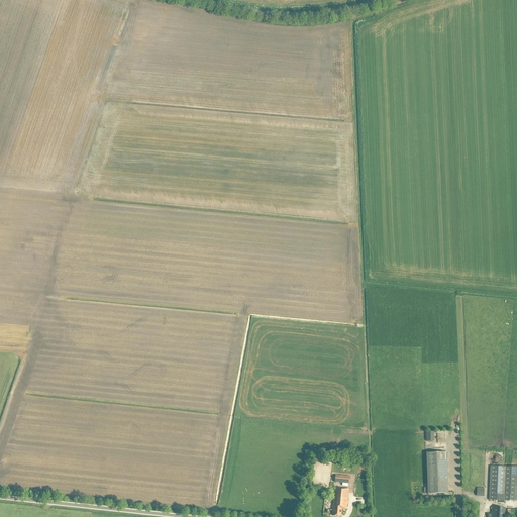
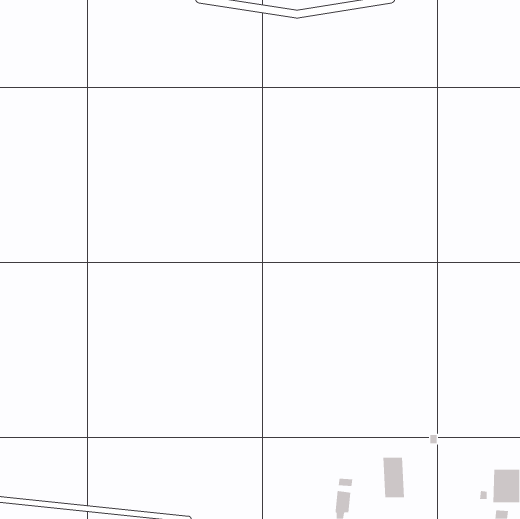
building: [426,452,448,493] -> [383,457,405,498]

